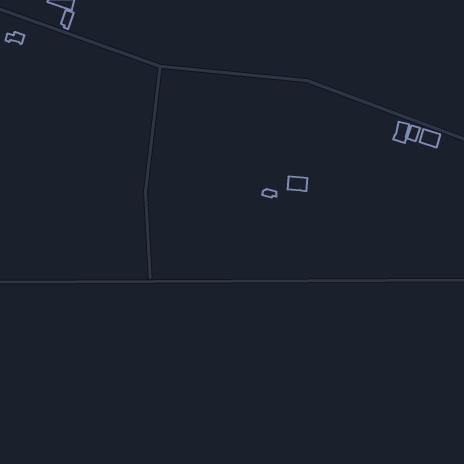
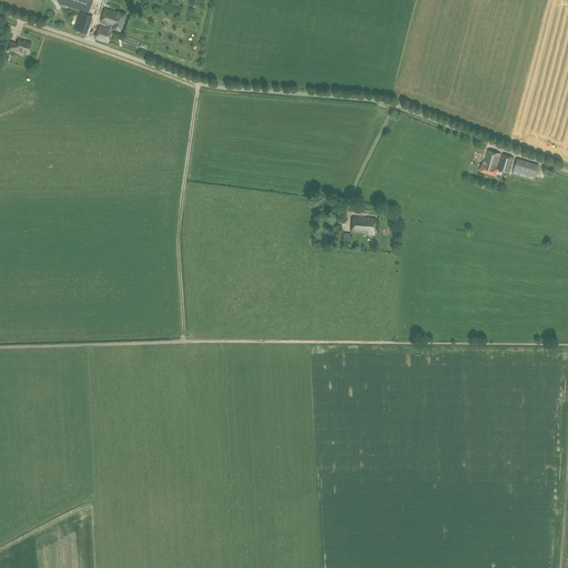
building: none -> [94,8,125,42]

